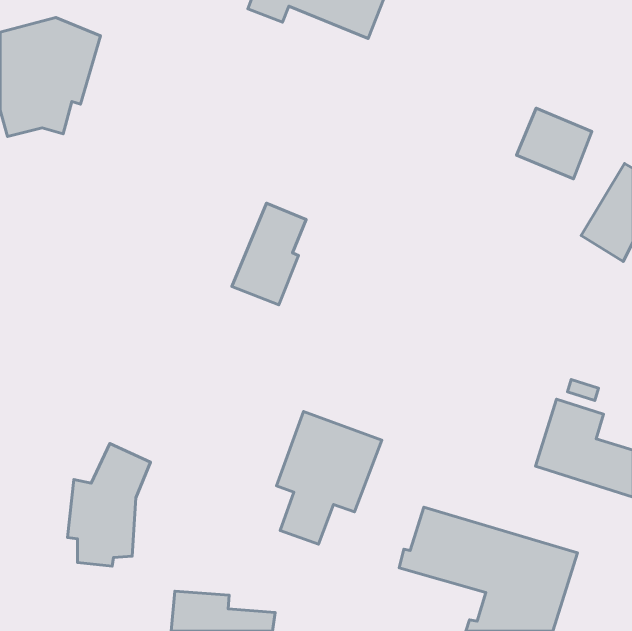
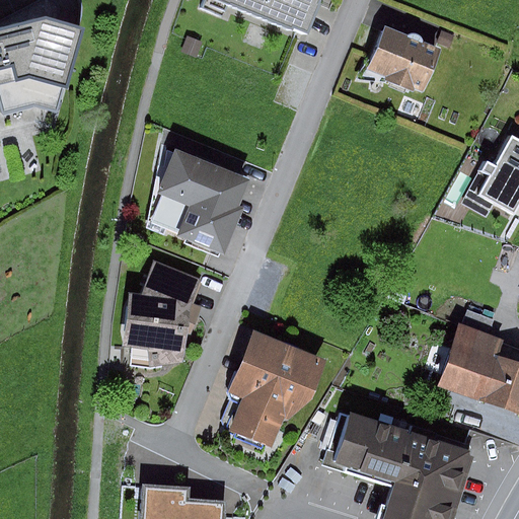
building: [516,108,592,179] -> [368,29,430,87]
building: none -> [156,147,219,234]
building: [68,443,151,566] -> [123,267,191,367]

